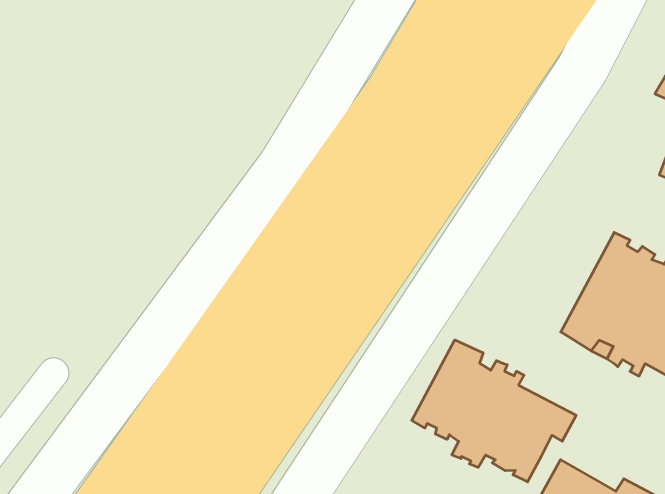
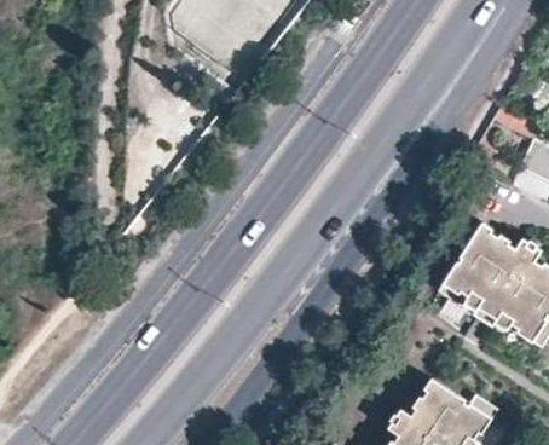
building: [412,340,576,482] -> none

